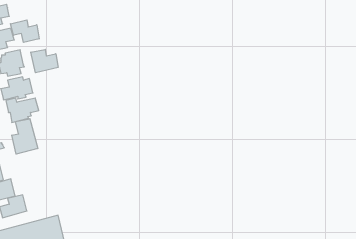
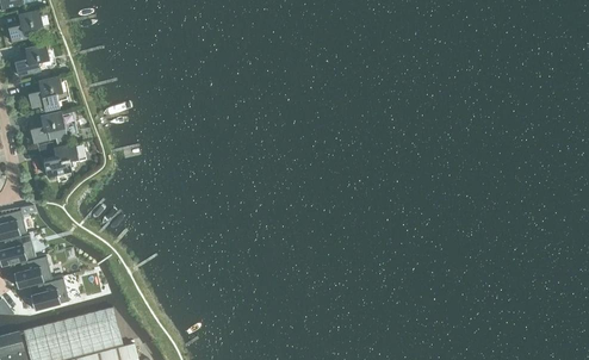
building: [10,20,39,42] -> none
building: [31,49,58,73] -> none
building: [12,119,38,154] -> none

